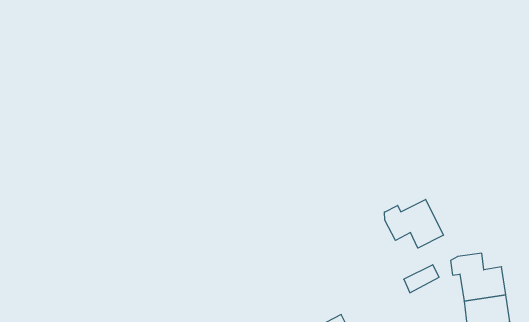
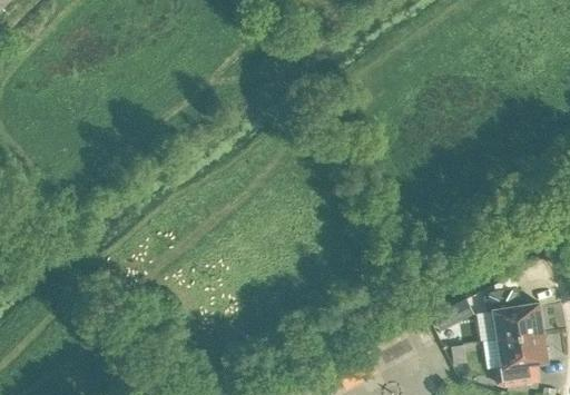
building: [384,199,443,248] -> none

